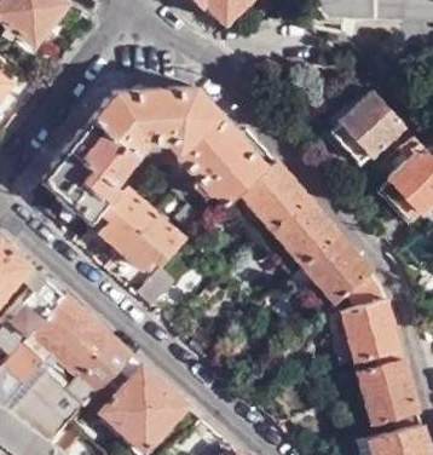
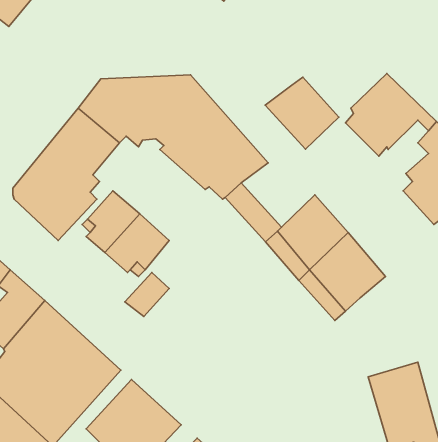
building: [241,161,307,226] -> [265,77,339,149]
building: [342,271,400,362] -> none

